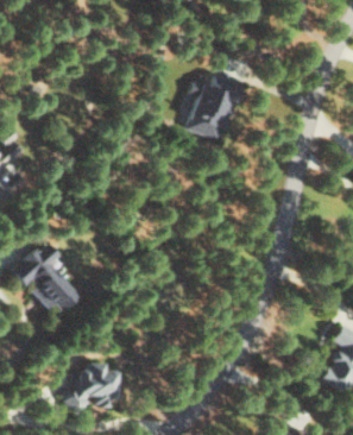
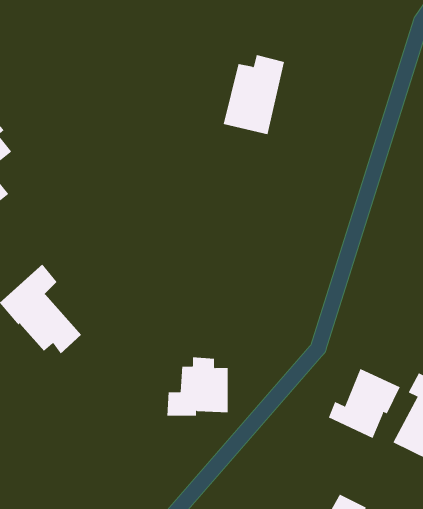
building: none -> [328,368,400,439]
building: [69,362,118,409] -> [166,357,229,416]

